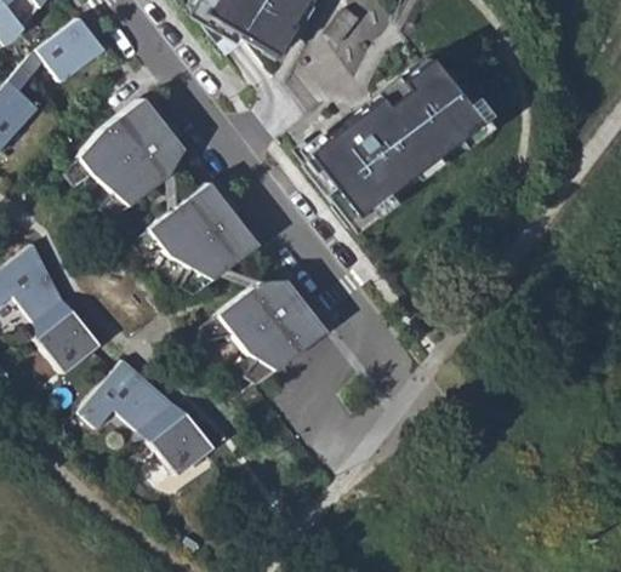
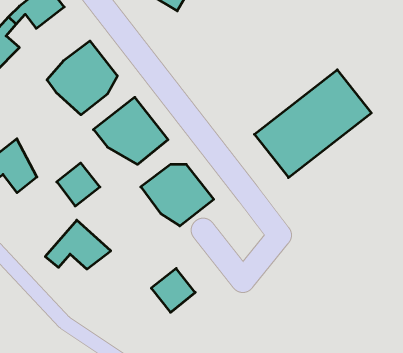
building: [306,59,477,217] -> [254,70,371,178]
building: [39,308,102,371] -> [57,163,100,206]
building: [148,413,212,477] -> [151,268,195,312]

